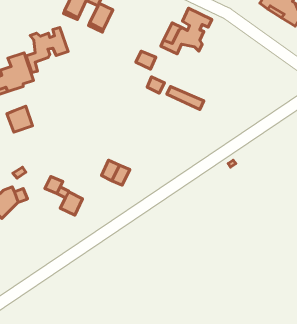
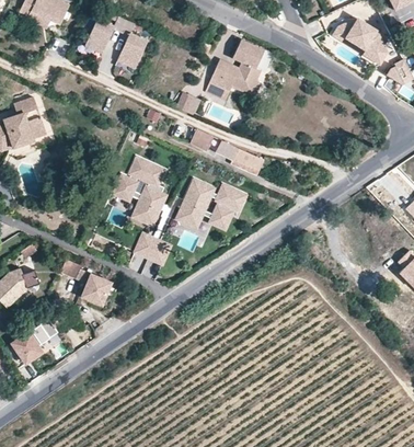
building: [26,27,68,73] -> none
building: none -> [114,157,162,221]
building: [7,106,32,132] -> none
building: none -> [179,180,243,225]
building: none -> [12,318,58,362]

